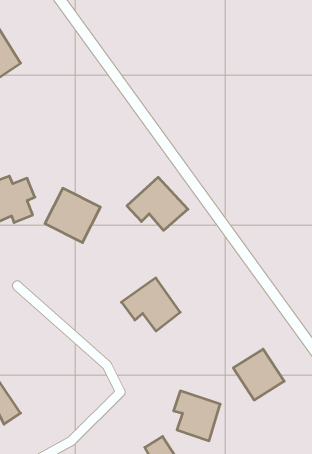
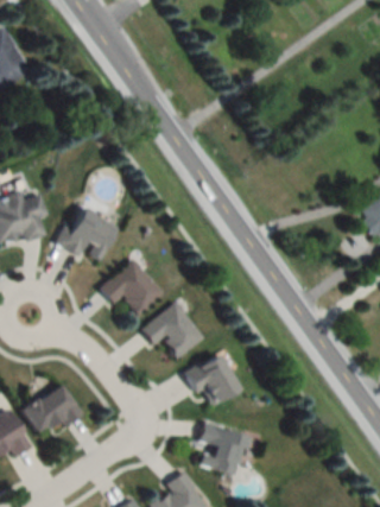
building: [127,177,188,230] -> [99,258,164,315]
building: [233,349,284,400] -> [184,354,239,408]
building: none -> [20,384,81,435]

